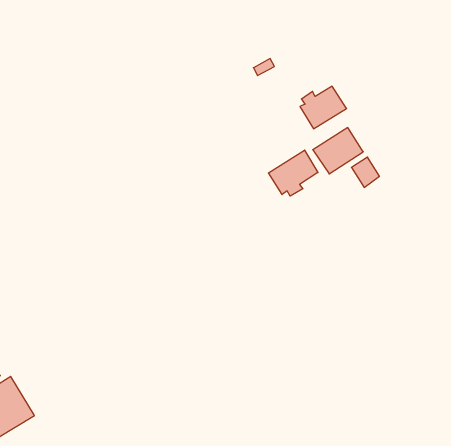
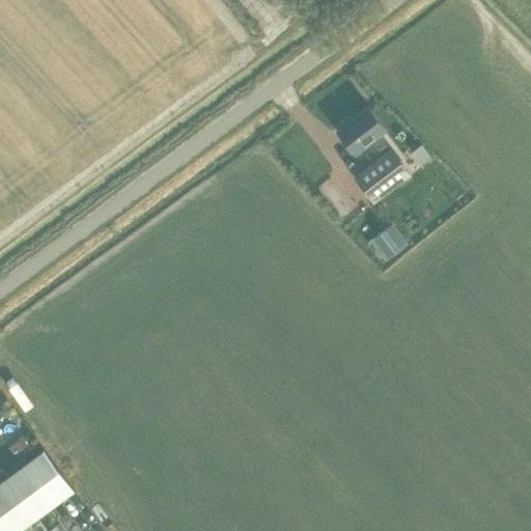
building: [268,150,318,196] -> none
building: [351,157,379,187] -> [373,226,404,259]

